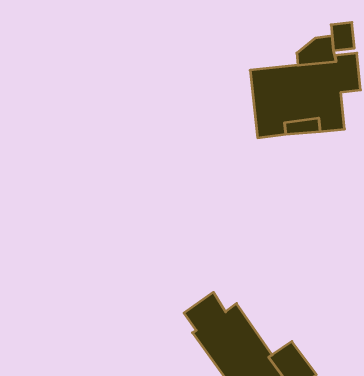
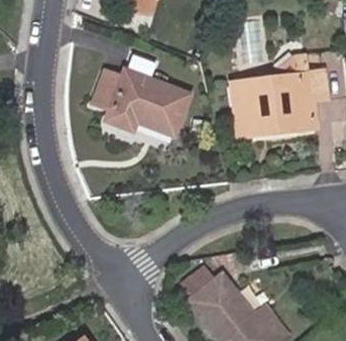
building: none -> [87,68,185,135]

